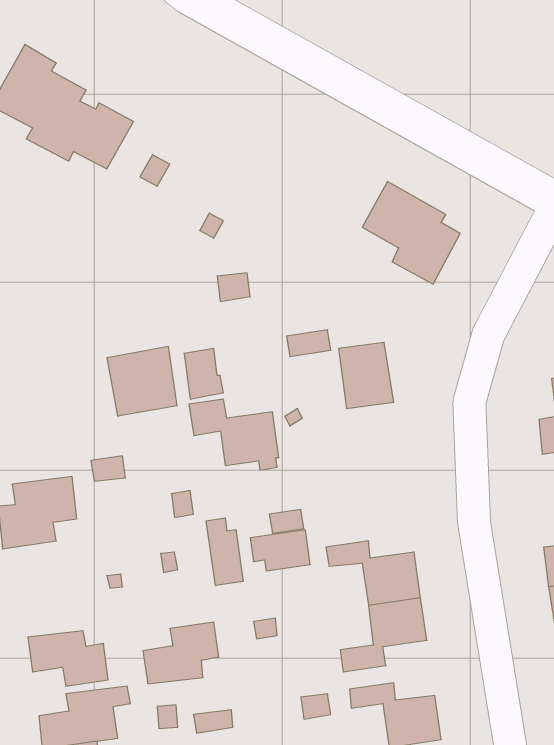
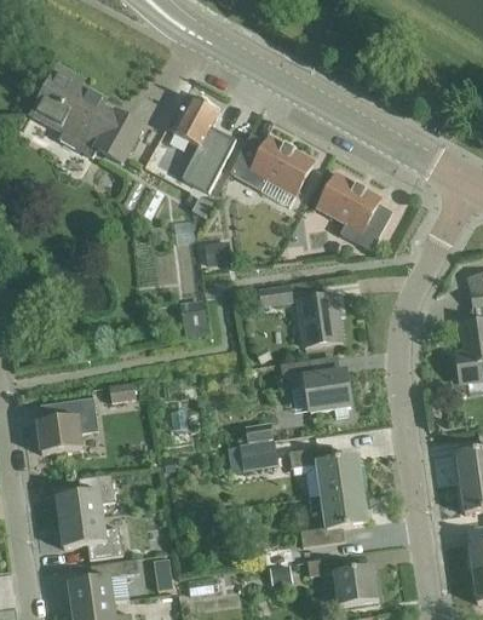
building: none -> [172,94,235,191]
building: none -> [229,132,314,194]
building: [107,346,177,416] -> none
building: [189,399,279,470] -> [280,361,349,415]
building: [206,518,243,586] -> none
building: [143,622,219,684] -> [56,473,114,521]

